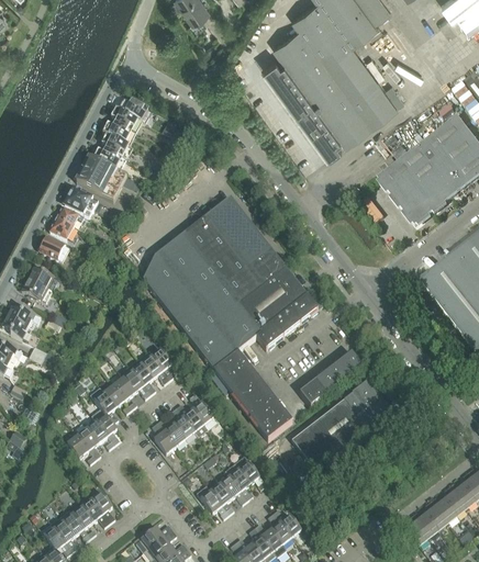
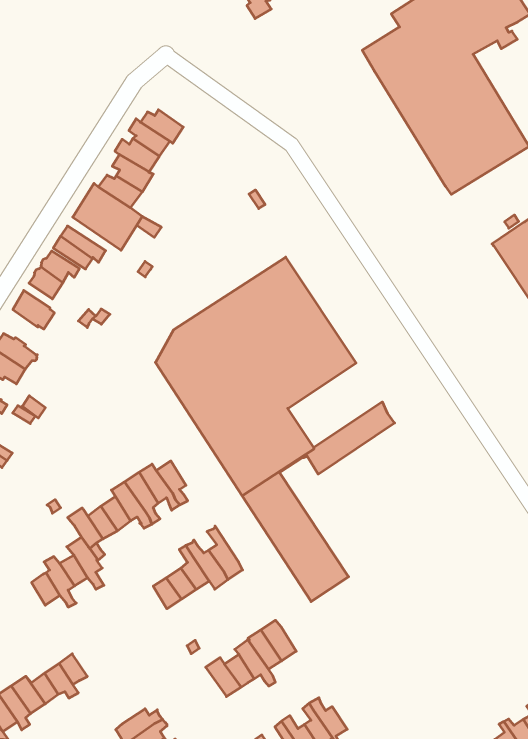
building: [263,56,341,155] -> none
building: [239,268,307,330] -> none
building: [299,352,361,406] -> none
building: [291,381,392,473] -> none

